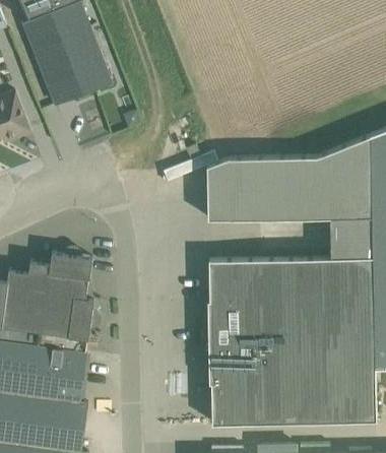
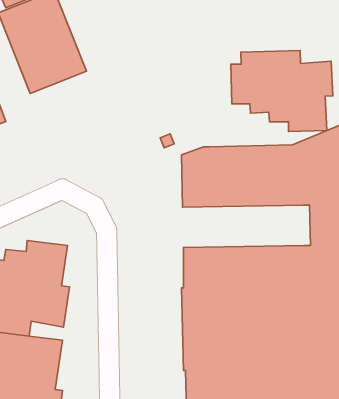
building: none -> [231,51,333,131]

